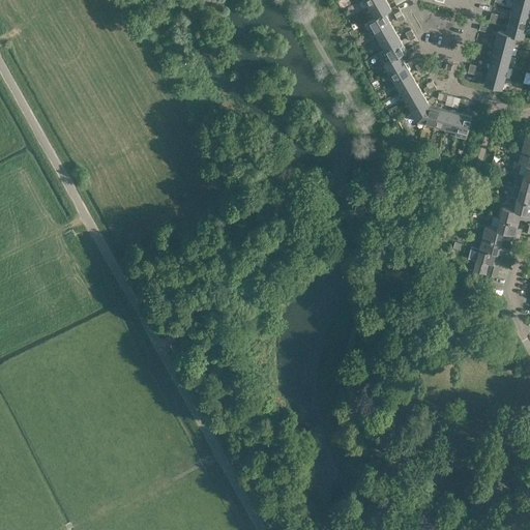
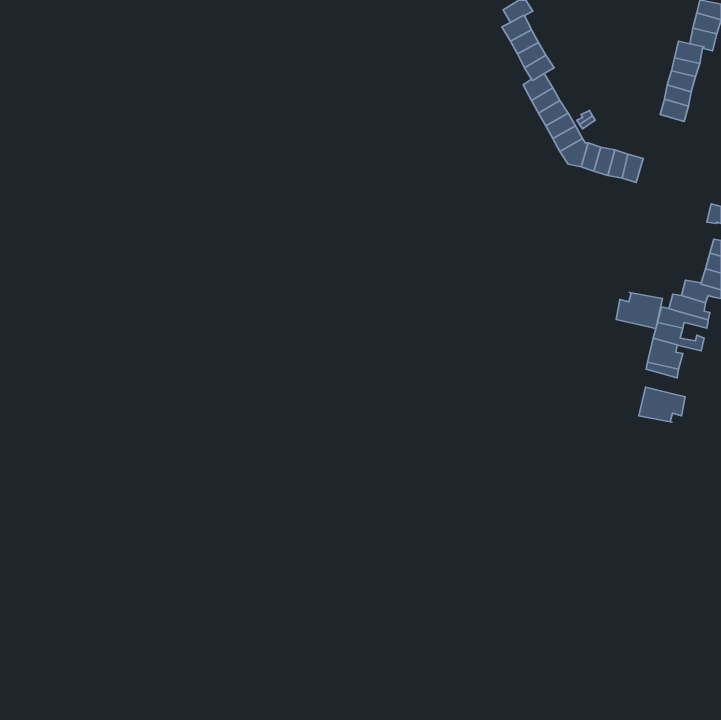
building: none -> [616,292,662,328]
building: none -> [639,387,685,422]

